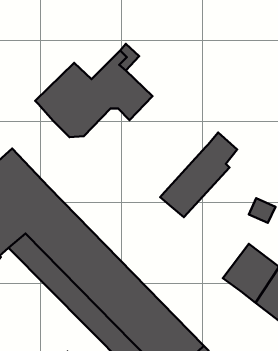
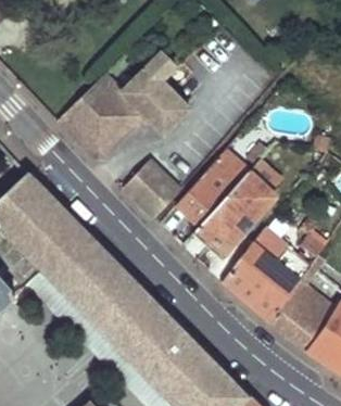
building: none -> [177,144,253,225]
building: none -> [124,158,180,216]
building: none -> [225,226,312,319]

